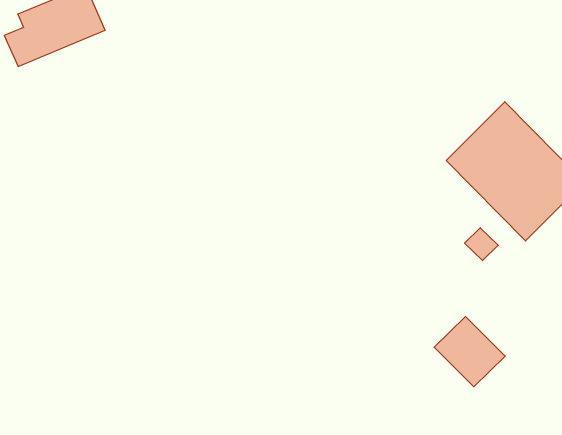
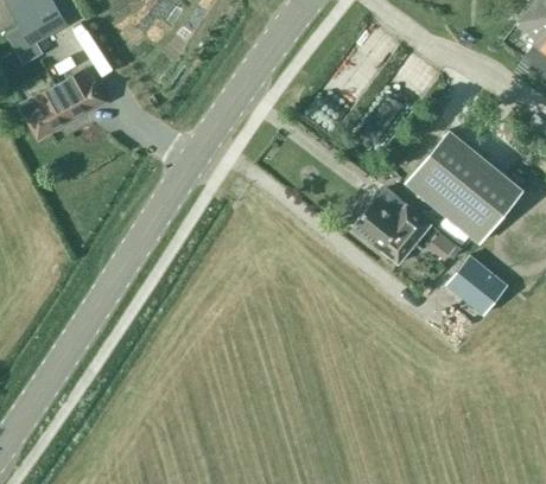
building: none -> [353,200,431,265]
building: [434,317,505,387] -> [446,256,507,314]

